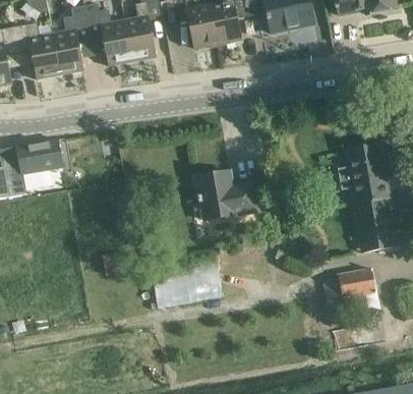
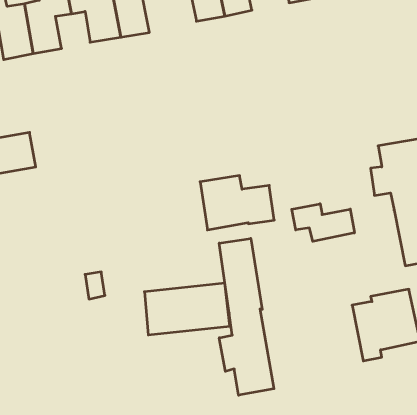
building: none -> [292,204,354,241]
building: none -> [219,238,274,395]

